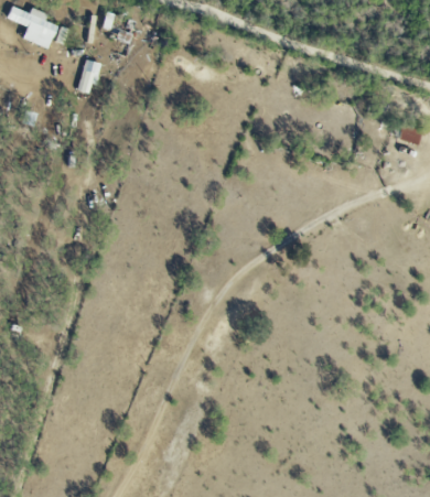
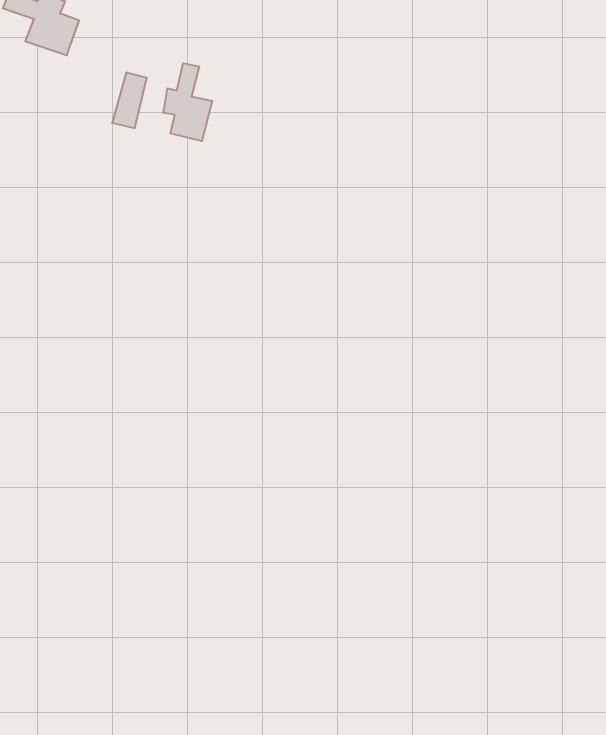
building: none -> [163,63,212,141]

